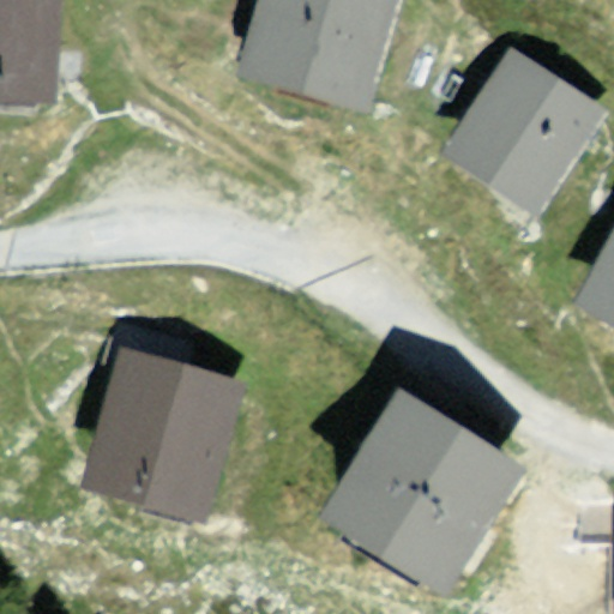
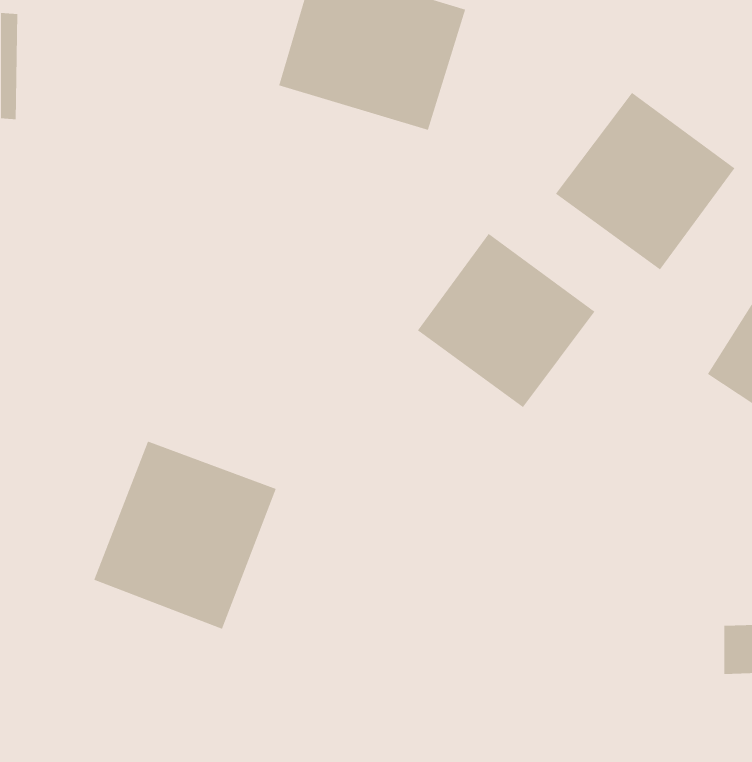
building: none -> [417,233,596,408]
building: [351,408,514,572] -> none

